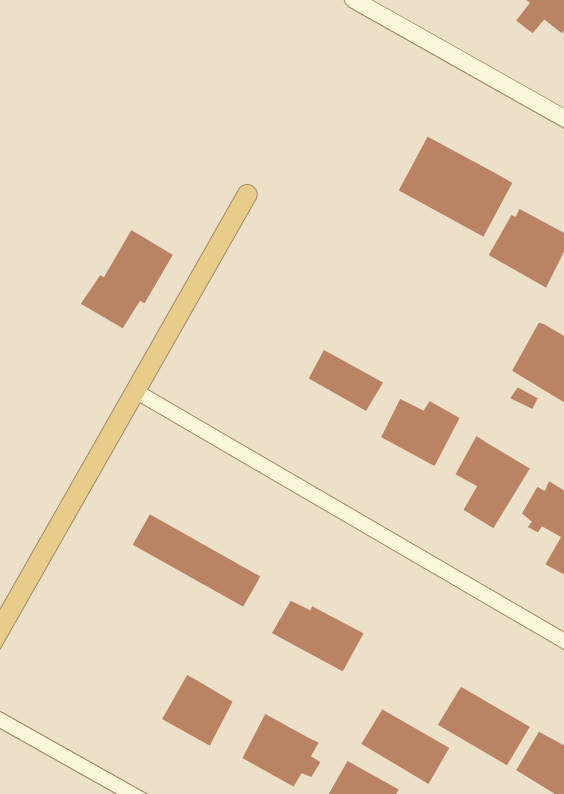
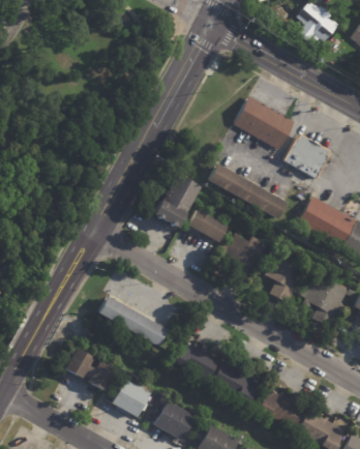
building: [80,229,174,329] -> [151,173,201,226]
building: none -> [208,162,287,217]
building: none -> [65,348,115,390]
building: [360,709,450,785] -> [212,362,260,402]

